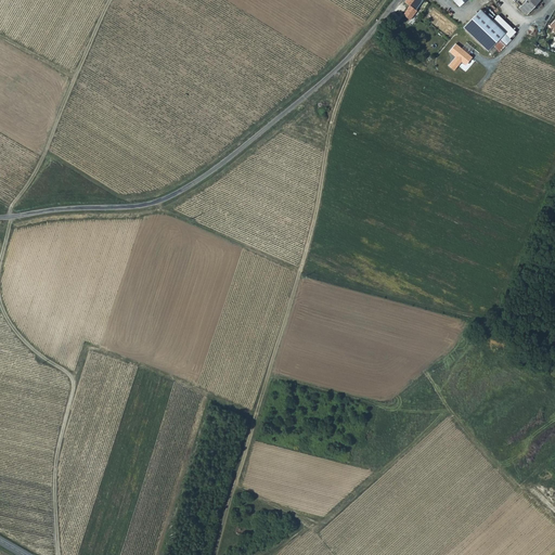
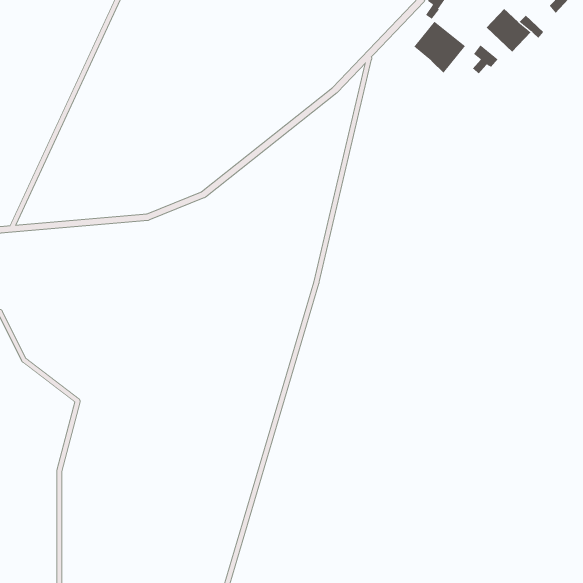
building: none -> [414,21,466,73]

